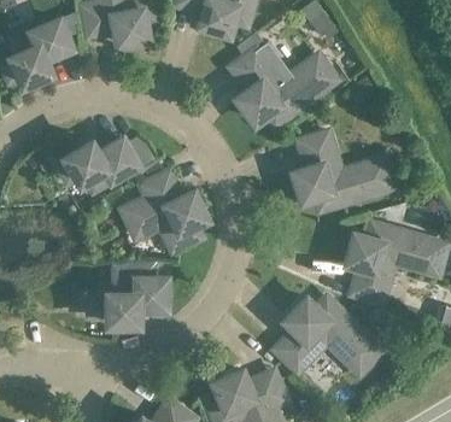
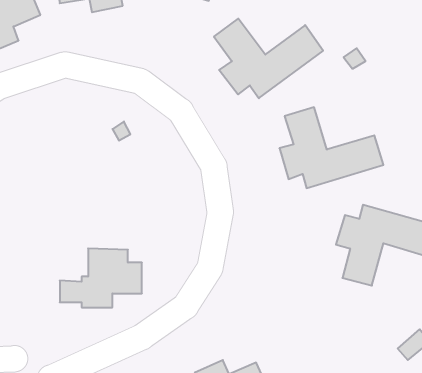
building: [55,136,136,187] -> none
building: [122,171,204,248] -> none
building: [275,297,379,370] -> none

